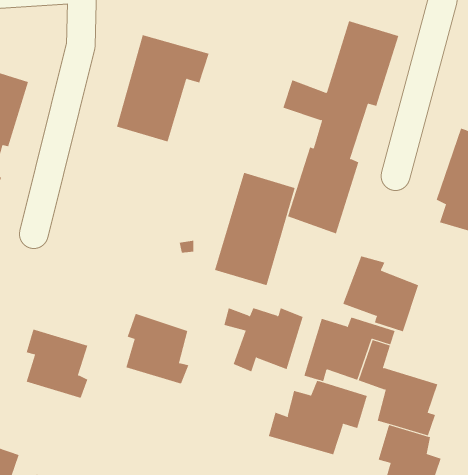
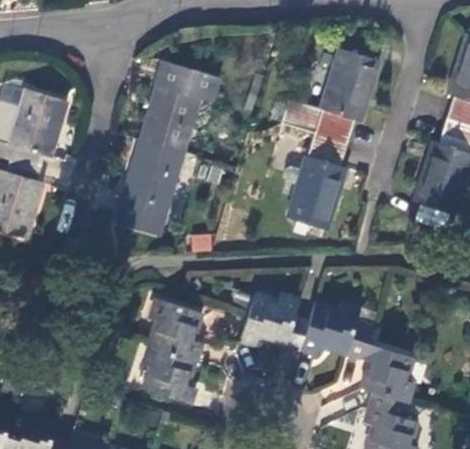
building: [214,172,295,286] -> [115,139,184,236]
building: [342,255,419,332] -> none
building: [26,329,88,399] -> [142,344,195,403]
building: [268,380,368,455] -> none

